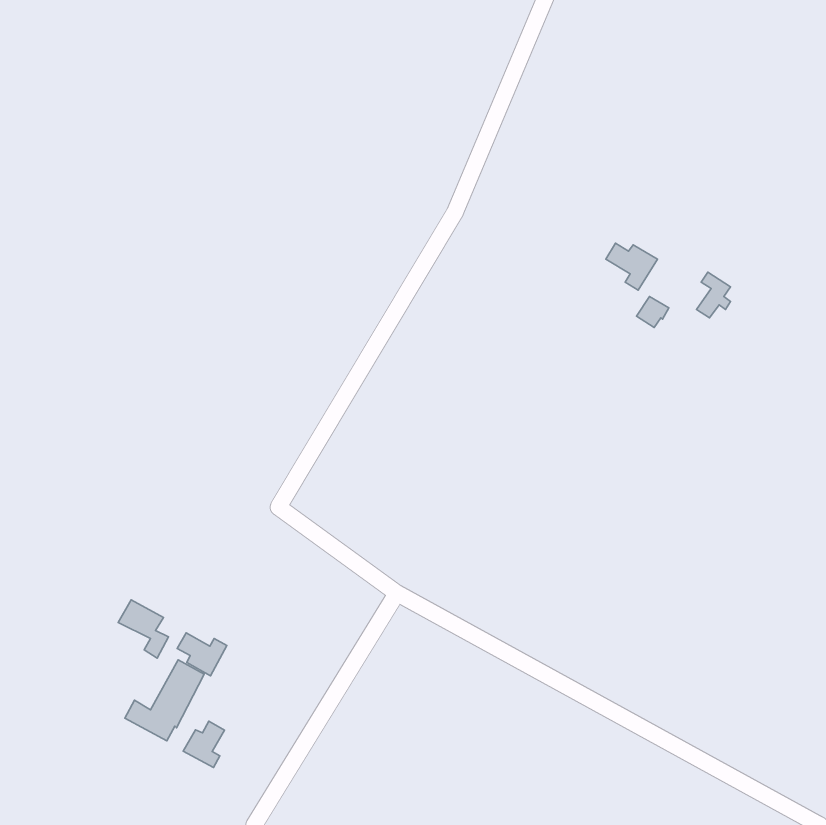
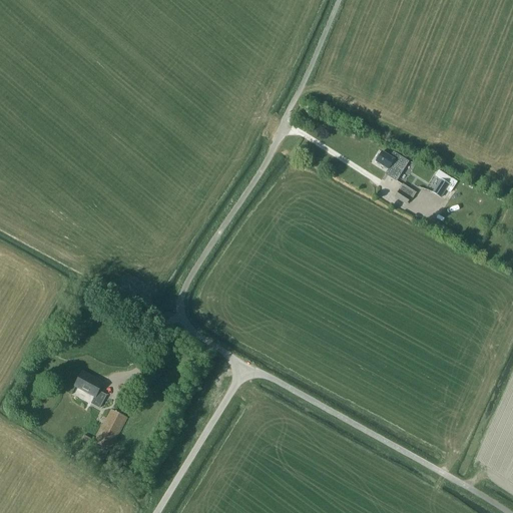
building: [177,633,227,676] -> none
building: [183,721,224,768] -> none

